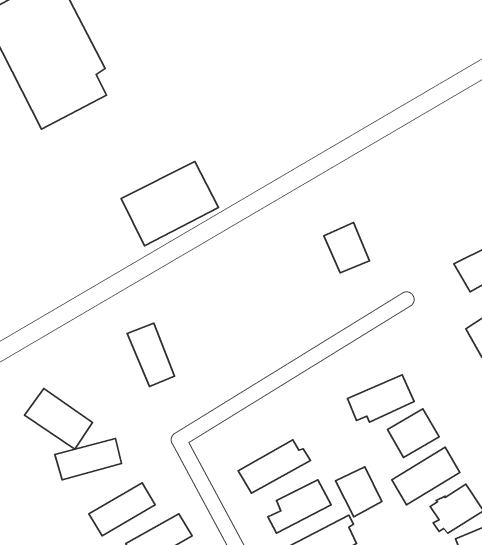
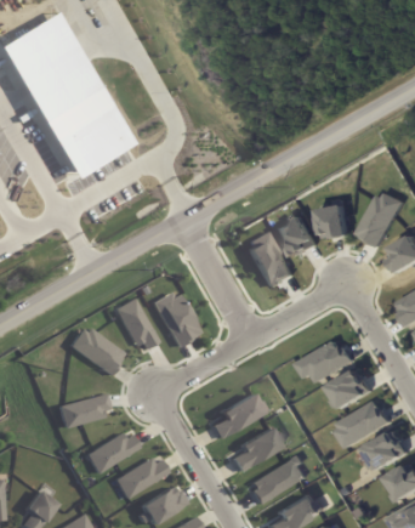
building: [121,162,219,246] -> [51,107,131,176]
building: none -> [357,191,402,245]
building: none -> [317,204,349,239]
building: none -> [246,231,290,288]
building: none -> [153,289,200,346]
building: [25,389,93,449] -> [69,324,125,374]
building: [335,467,382,517] -> none

